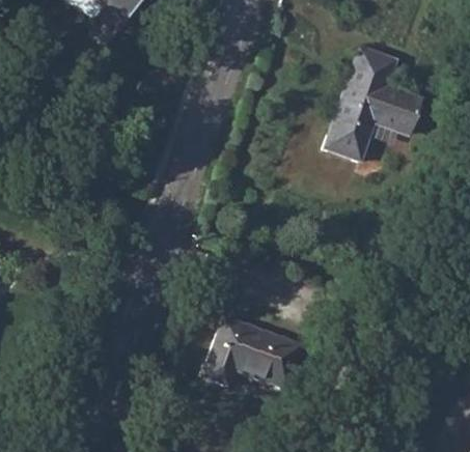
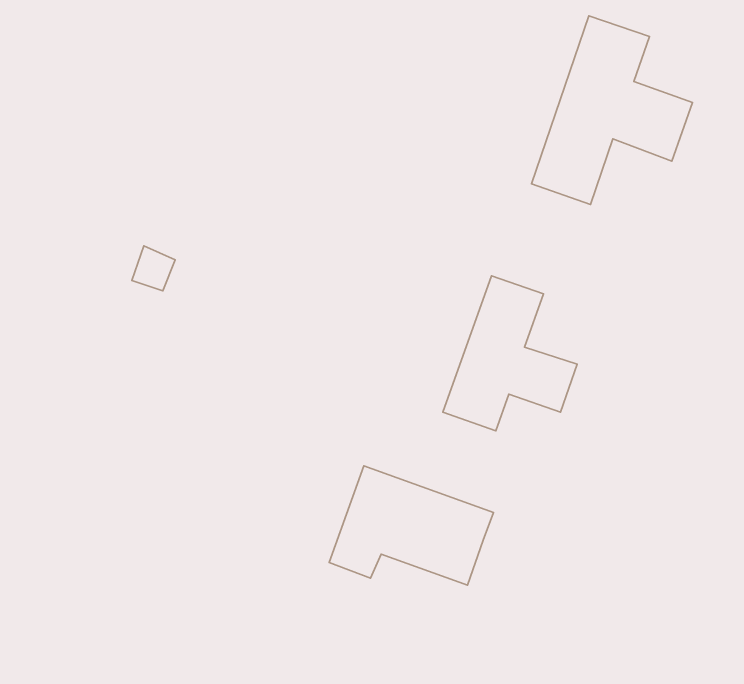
building: none -> [443,276,577,431]

